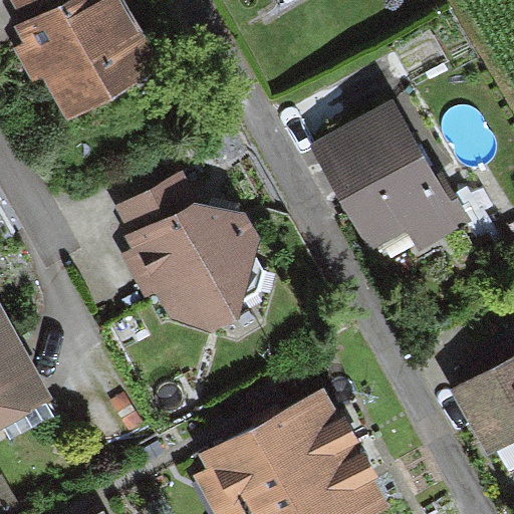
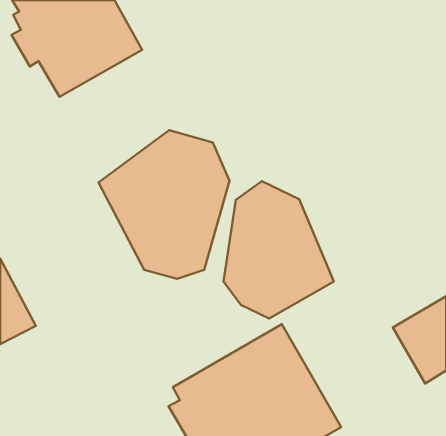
building: [309,97,473,257] -> none
building: none -> [224,181,334,319]

